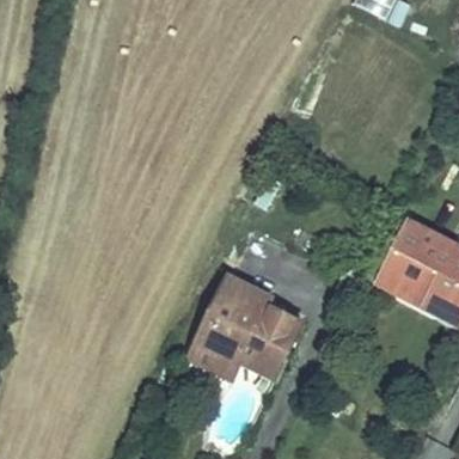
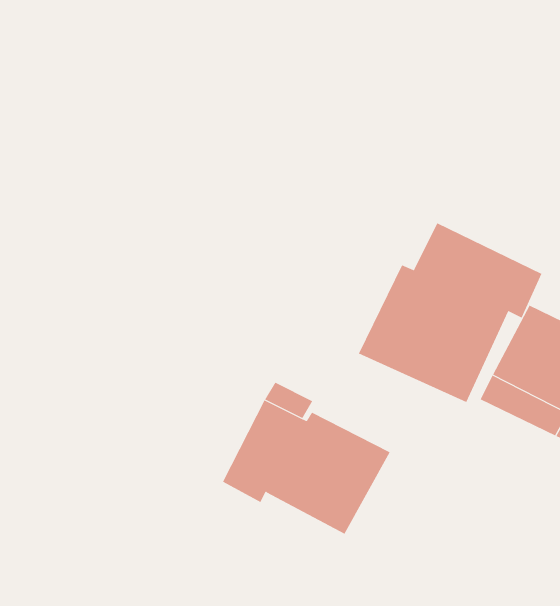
building: none -> [358,222,542,403]
building: [186,338,251,382] -> none

